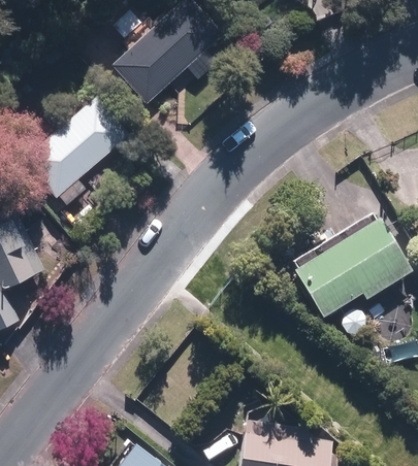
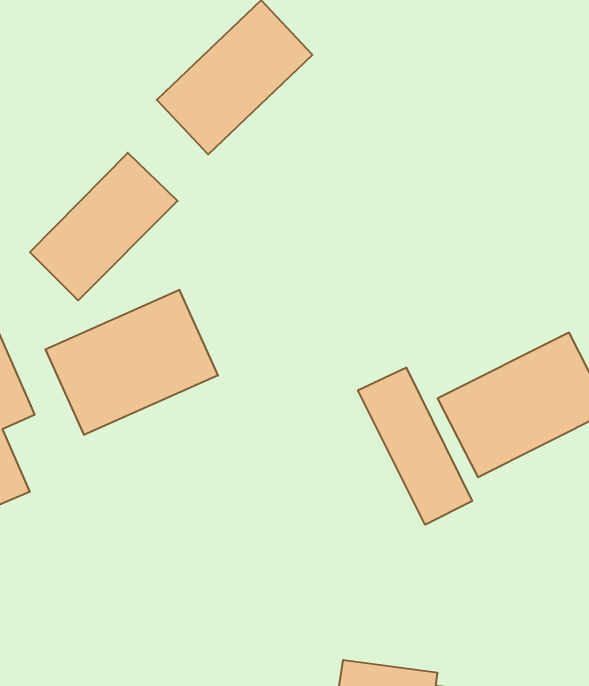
building: none -> [46,290,218,435]
building: none -> [358,367,472,525]

